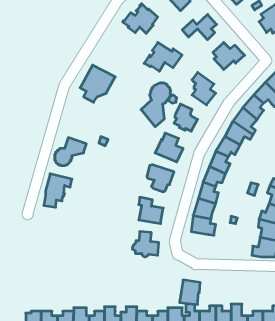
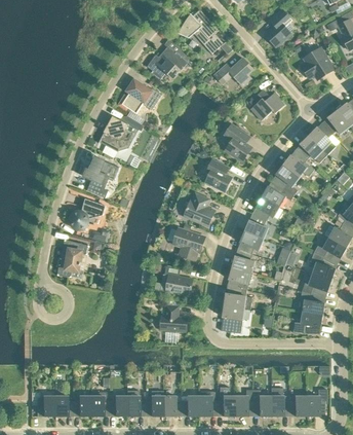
building: [144,42,182,71] -> [118,80,161,113]
building: [141,83,171,127] -> none
building: none -> [85,157,119,197]
building: [180,280,200,304] -> [220,304,243,332]

